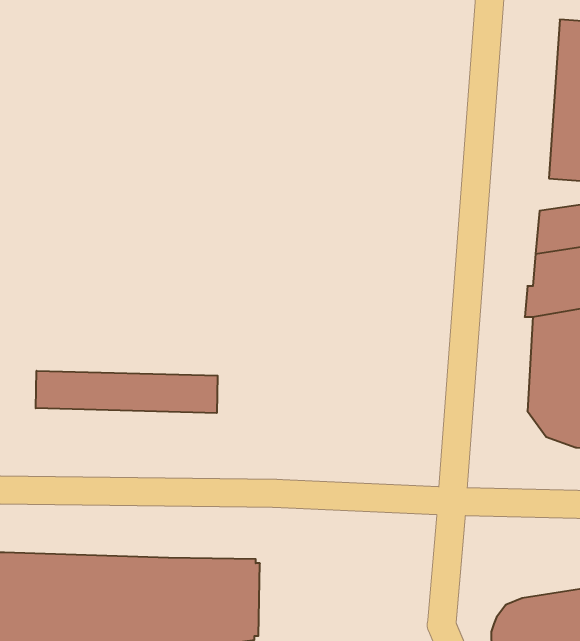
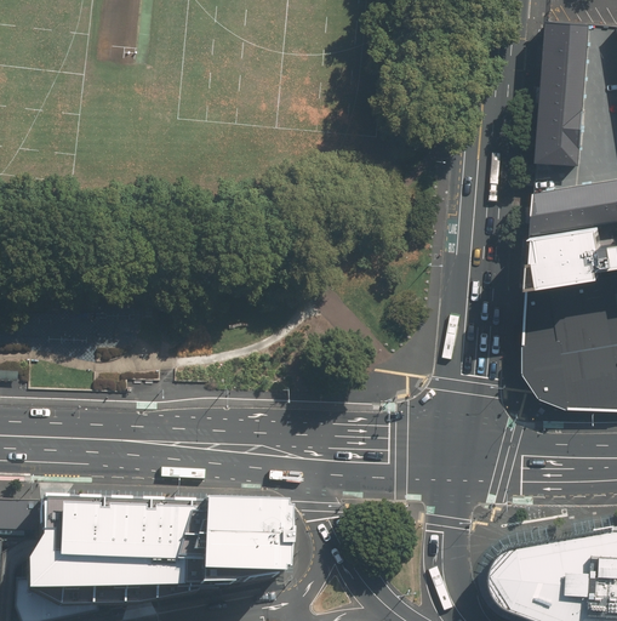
building: [36,371,218,413] -> none

